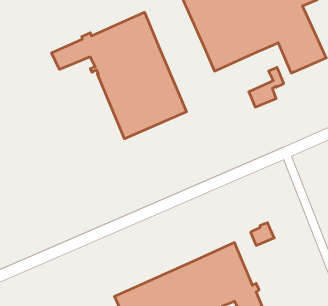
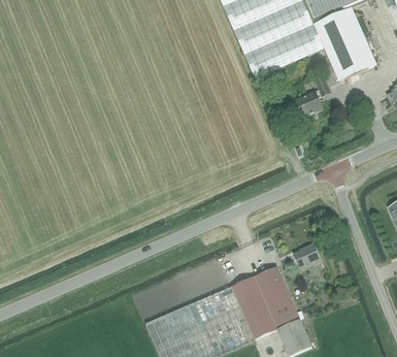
building: [52,12,186,139] -> none

